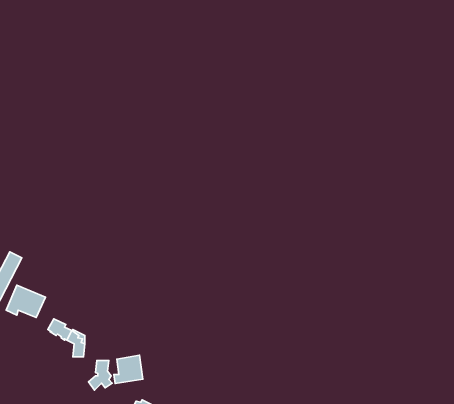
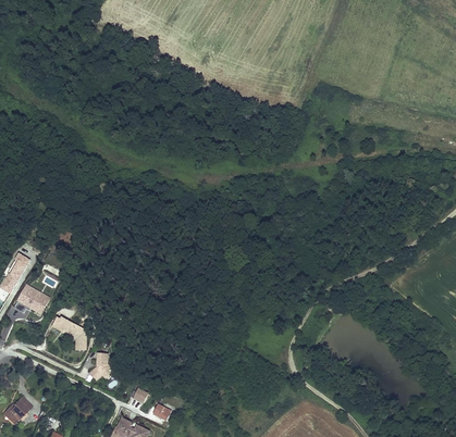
building: [114,355,143,384] -> none

